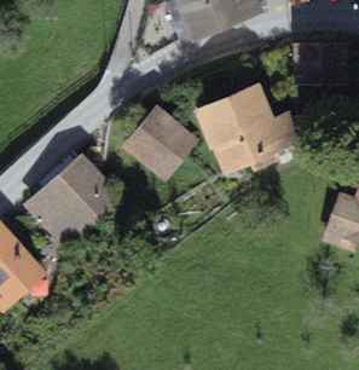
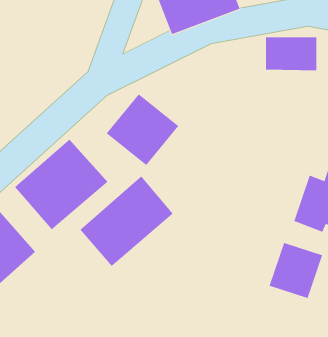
building: [195,83,295,173] -> none
building: none -> [79,175,173,267]
building: none -> [269,242,323,299]

